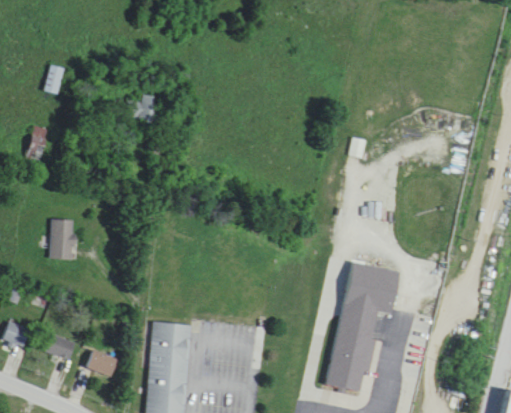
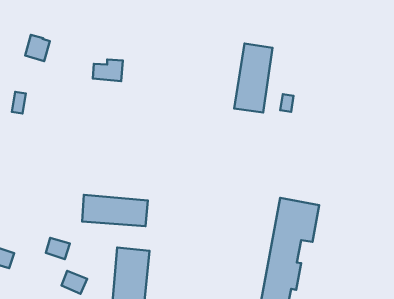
building: none -> [234,43,272,113]
building: [50,219,73,260] -> none
building: none -> [82,195,148,226]
building: [46,335,75,361] -> [46,238,70,259]

